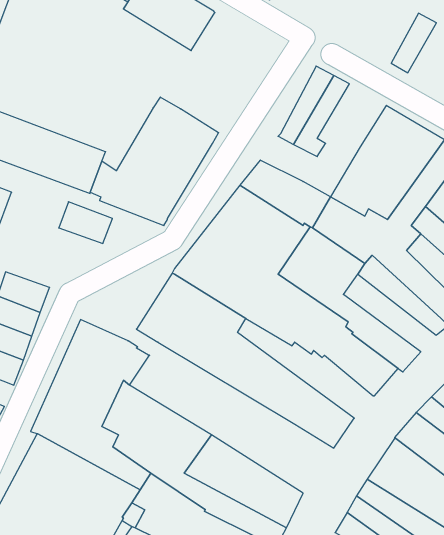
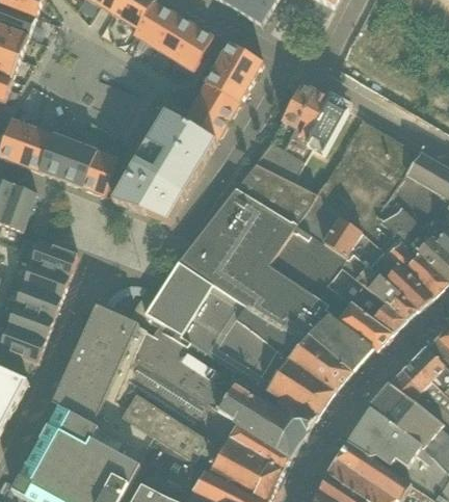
building: [391,13,436,73] -> [307,98,346,150]
building: none -> [183,42,263,140]
building: none -> [253,143,302,183]
building: [59,202,112,243] -> [30,239,77,275]
building: none -> [325,264,406,332]
building: none -> [233,302,351,390]
building: none -> [138,323,317,455]

